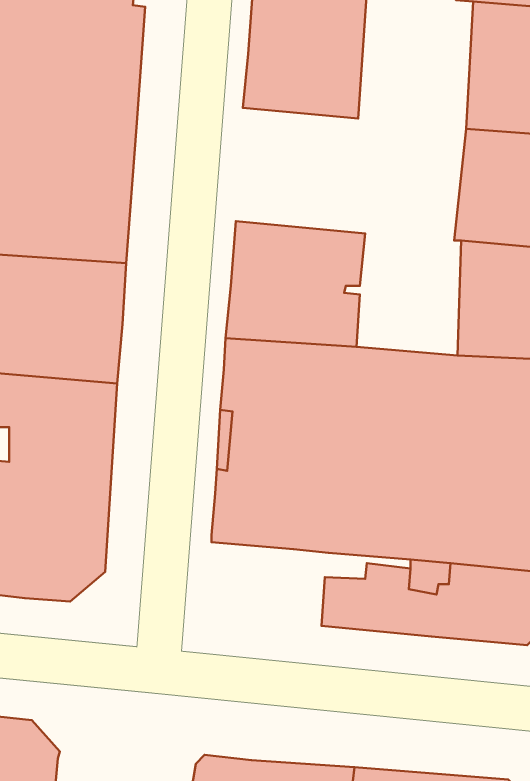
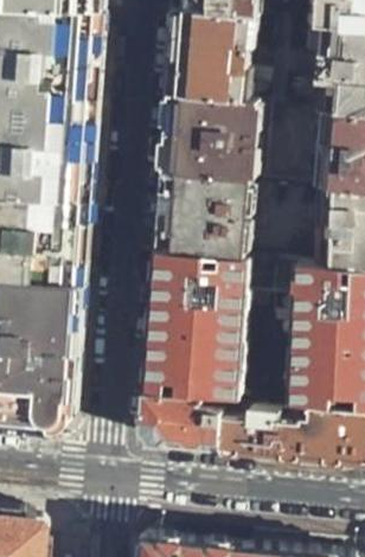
building: none -> [162,97,256,183]
building: none -> [143,392,224,449]

